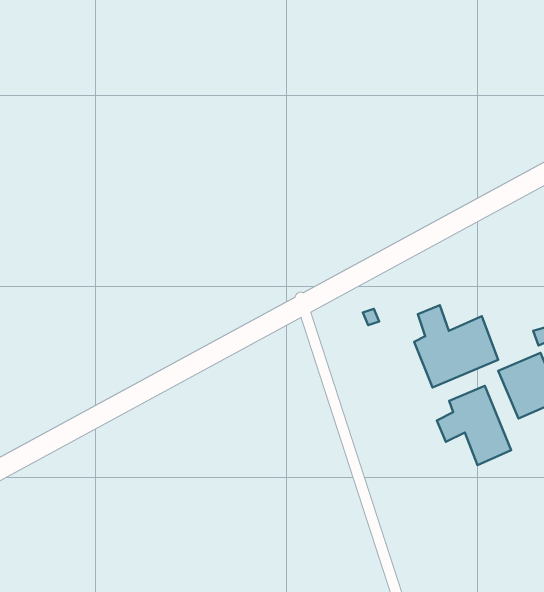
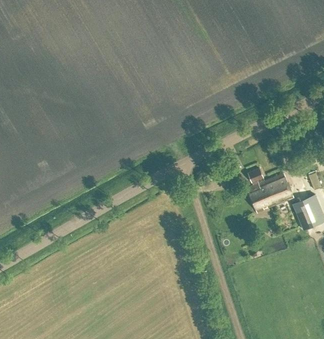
building: [437,386,511,465] -> none

